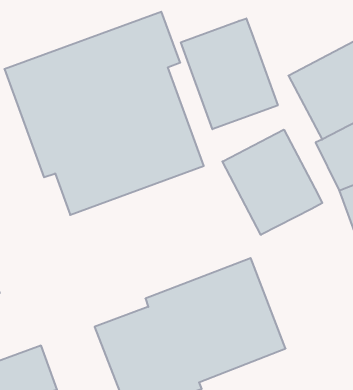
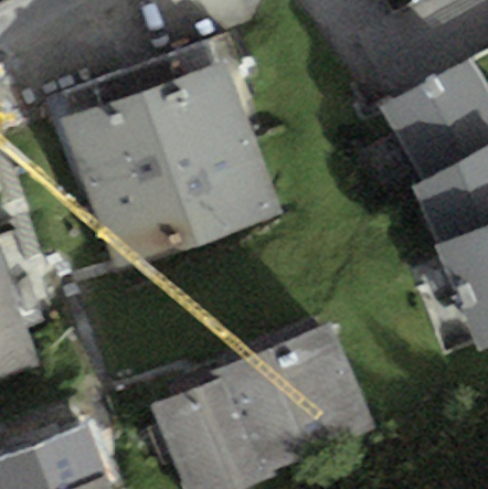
building: [181,18,278,129] -> none
building: [222,130,322,235] -> none

